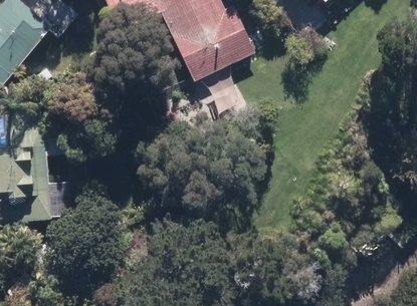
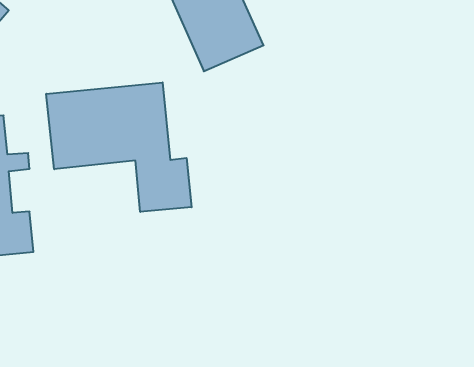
building: none -> [46,82,192,212]

